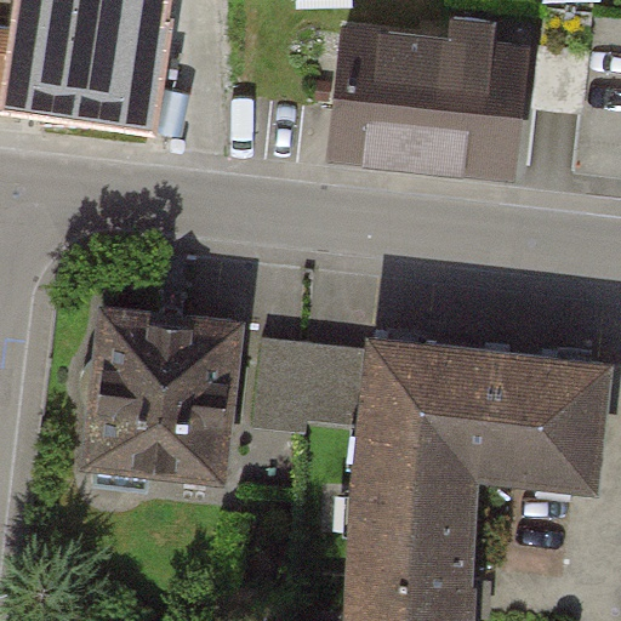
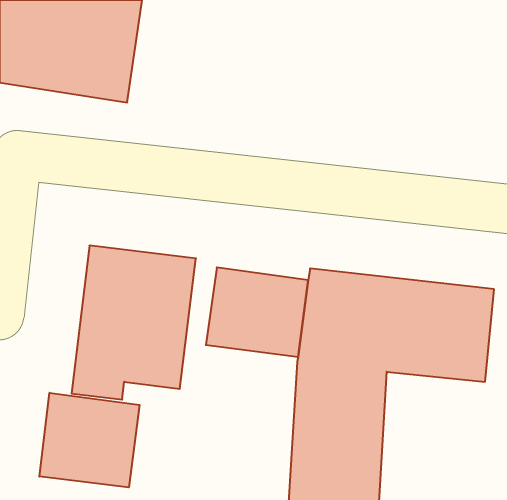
building: [334,22,528,177] -> none
building: none -> [39,393,140,487]

